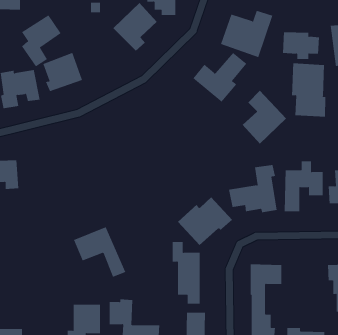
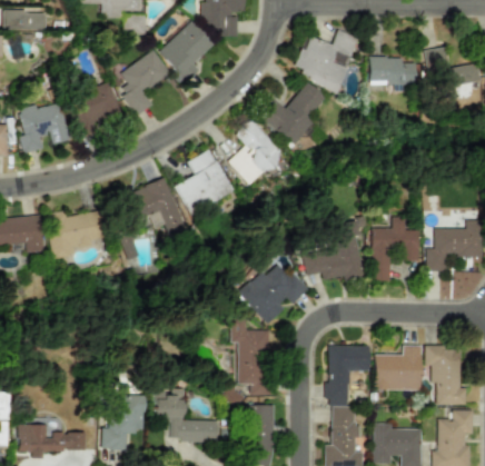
building: [21,14,61,67] -> [120,50,170,116]
building: [291,63,326,117] -> none
building: [242,90,287,145] -> [228,118,284,186]
building: none -> [176,149,232,214]
building: none -> [47,211,100,258]
building: [73,226,126,277] -> [123,178,189,241]
building: none -> [375,345,422,390]

